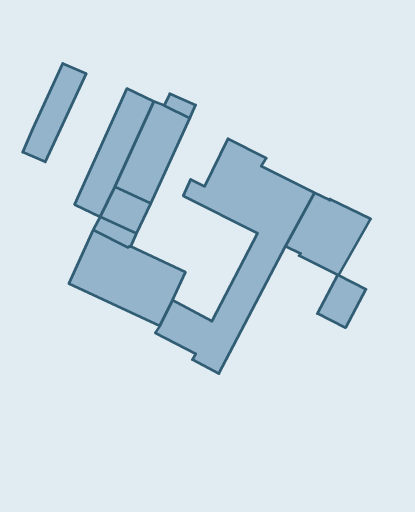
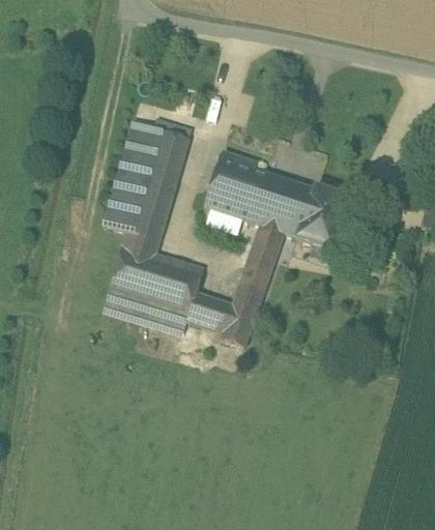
building: [23,63,86,162] -> none
building: [317,275,366,328] -> none
building: none -> [105,290,191,333]

